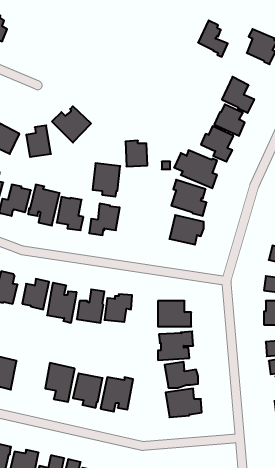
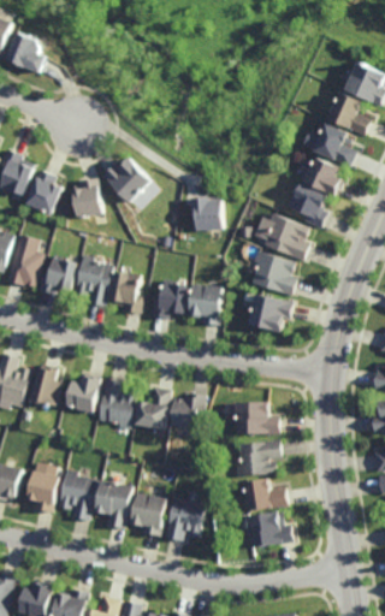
building: [198,20,228,57] -> [332,88,369,134]
building: [93,163,120,197] -> [190,283,225,325]
building: none -> [58,469,96,521]

